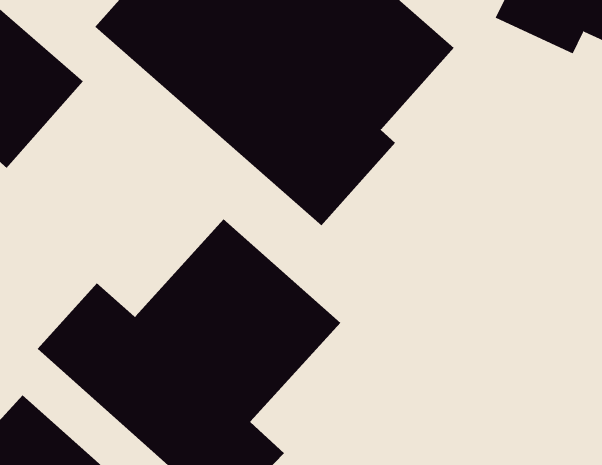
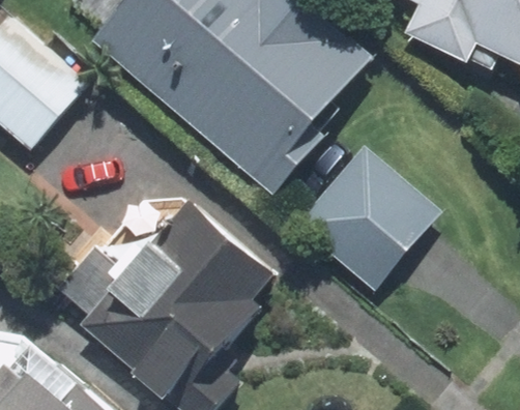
building: none -> [296,146,444,293]

